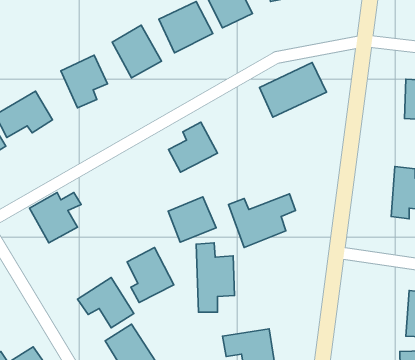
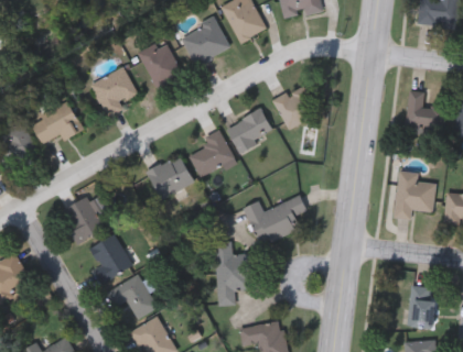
building: none -> [226,108,274,152]
building: [168,197,216,242] -> [149,155,193,197]
building: [127,248,174,303] -> [90,233,133,284]

